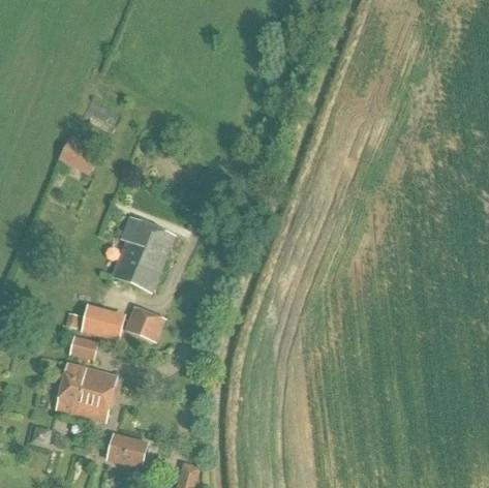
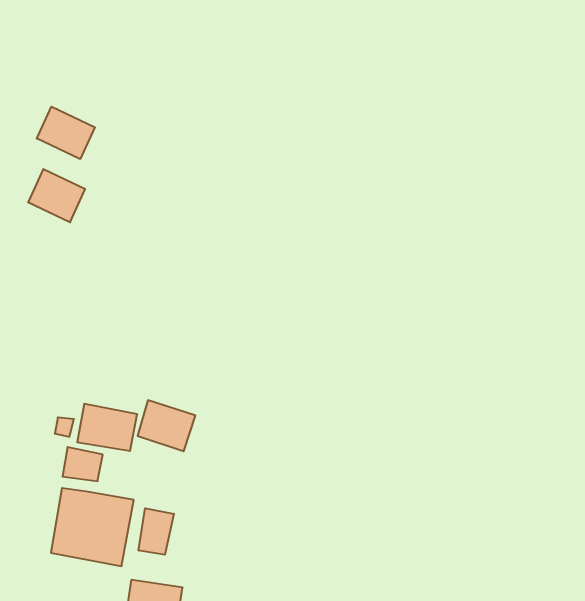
building: none -> [37,107,95,159]
building: [112,217,174,293] -> none
building: none -> [139,508,174,555]

